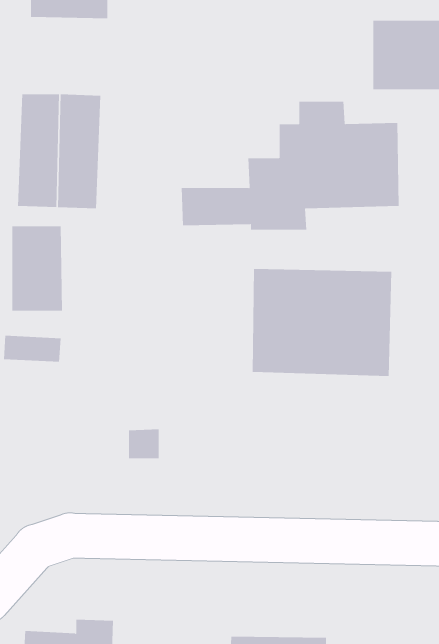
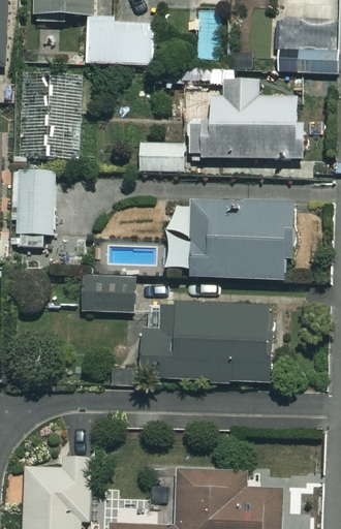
building: none -> [87,21,154,64]
building: none -> [83,275,134,310]
building: none -> [142,303,271,380]

